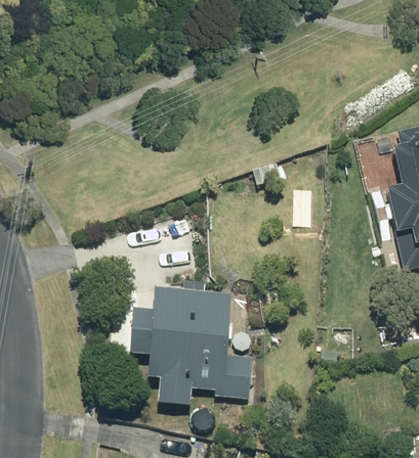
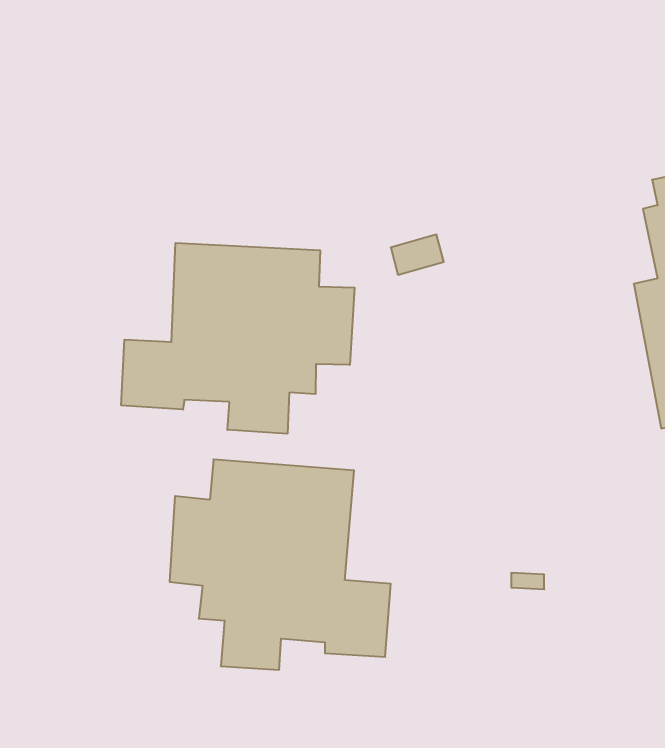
building: none -> [121,243,355,434]

